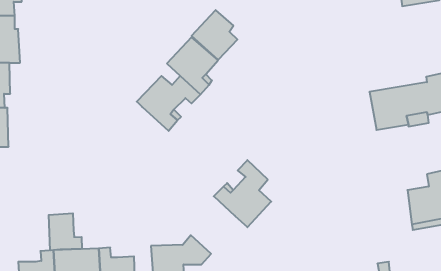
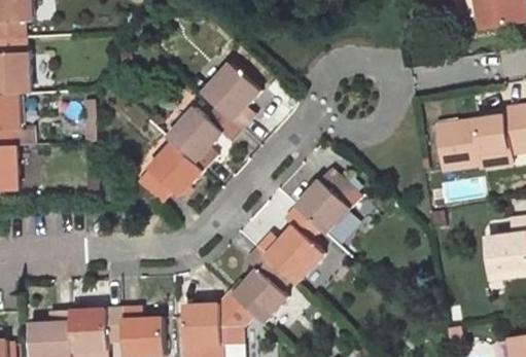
building: [192,10,237,60] -> none
building: none -> [137,143,204,202]
building: none -> [295,168,355,234]
building: none -> [230,247,287,322]
building: [49,213,82,250] -> none

